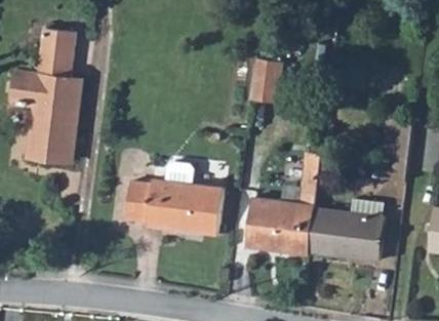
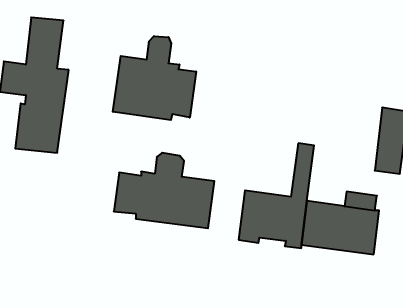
building: none -> [113,36,196,120]
building: [249,58,280,103] -> none

